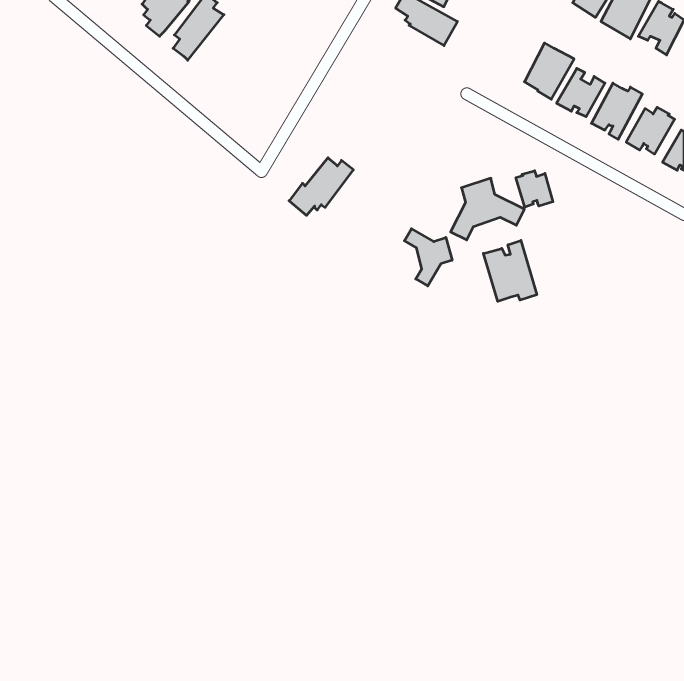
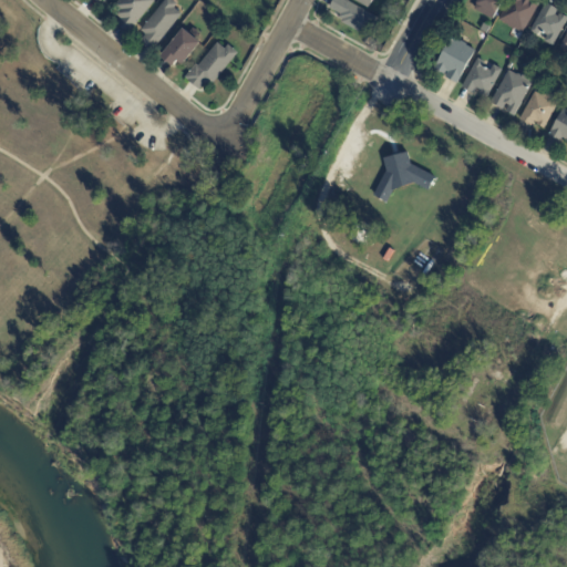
building: none -> [166,25,205,63]
building: [289,158,353,215] -> [188,41,241,89]
building: [516,171,553,207] -> none
building: [404,229,452,286] -> none
building: [483,240,537,301] -> none

